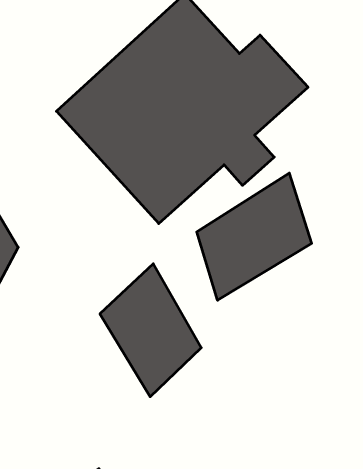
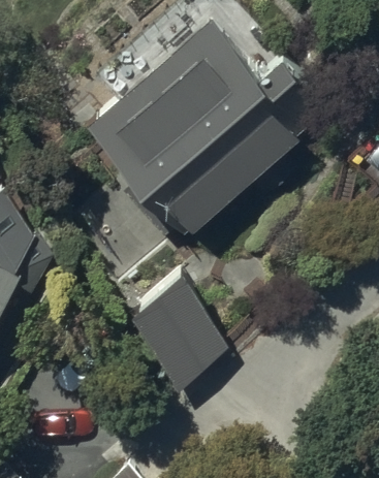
building: [197,173,312,300] -> none

